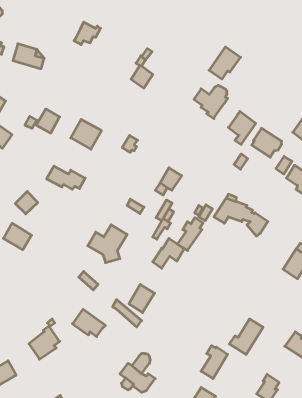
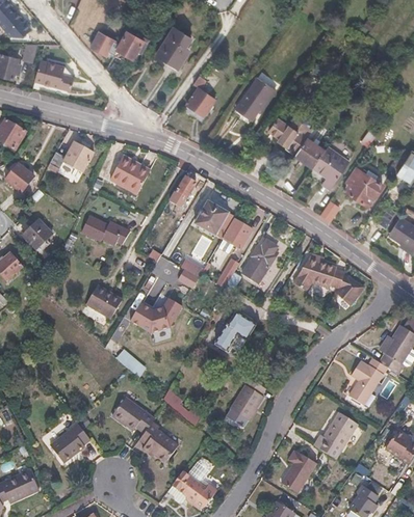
building: none -> [157,27,190,67]
building: none -> [92,30,122,55]
building: [209,47,241,79] -> [236,78,277,119]
building: none -> [294,135,326,166]
building: none -> [195,200,228,235]
building: [15,191,38,214] -> [23,220,52,249]
building: [177,218,203,251] -> [243,239,277,281]
building: [3,223,32,250] -> [84,287,121,321]
building: none -> [350,357,388,403]
building: [129,284,155,313] -> [231,384,264,420]
building: none -> [137,425,177,465]

